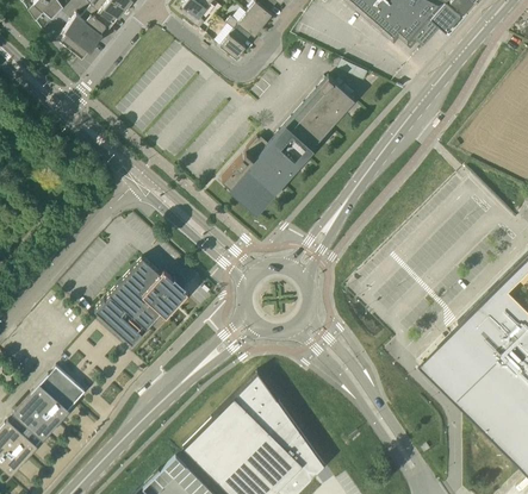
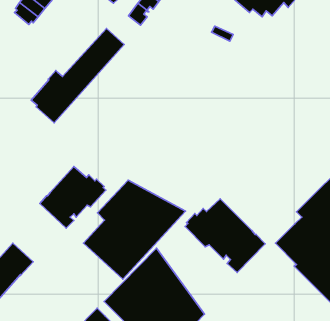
building: [223,77,354,211] -> [31,28,124,123]
building: none -> [84,180,185,279]
building: none -> [185,199,265,273]

